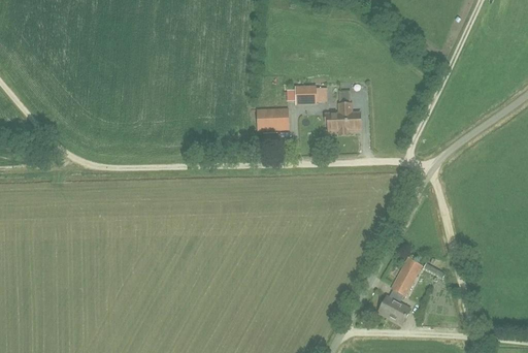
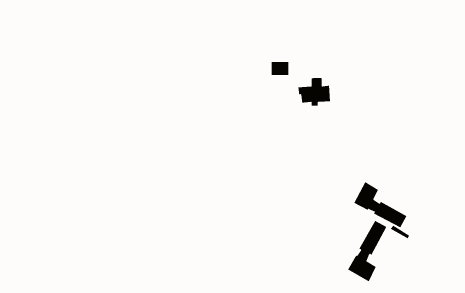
building: [257,108,290,130] -> none
building: none -> [354,181,407,228]

